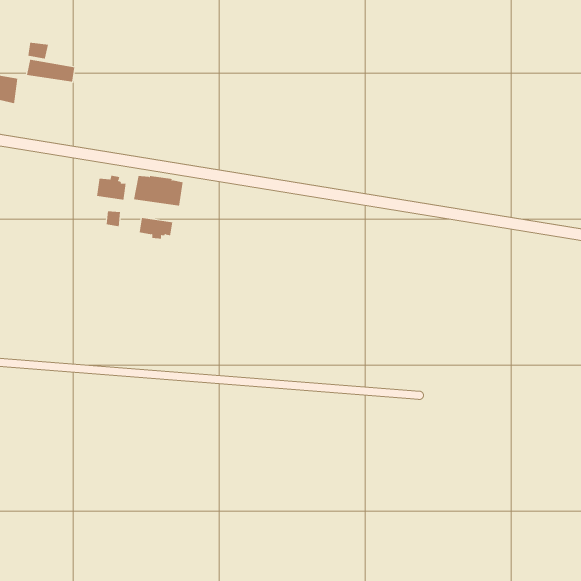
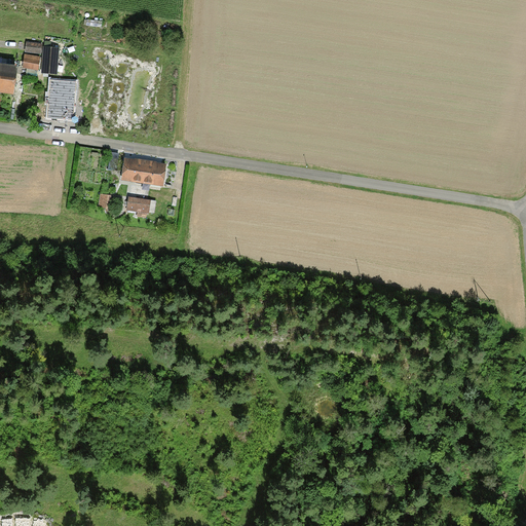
building: none -> [48,80,82,118]
building: [97,175,126,201] -> none

